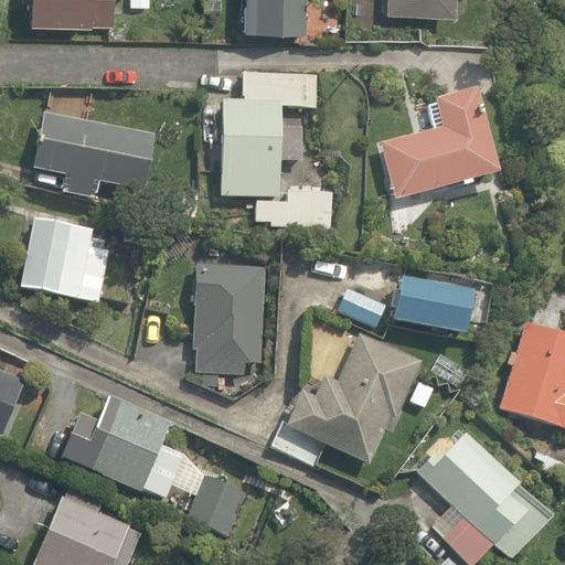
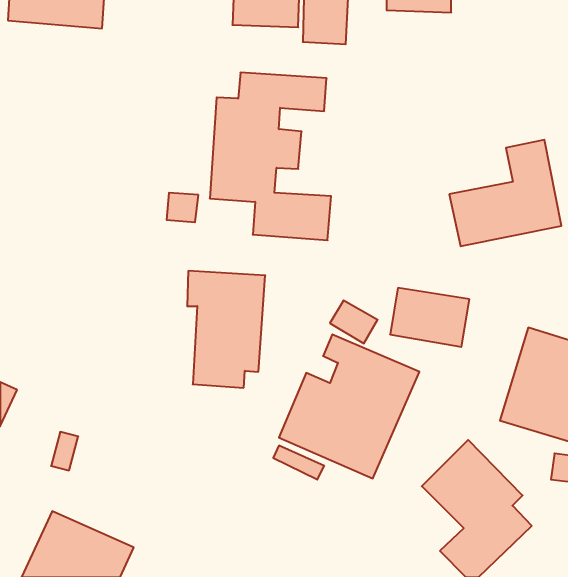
building: [385,86,494,190] -> [449,140,561,246]
building: [31,113,161,202] -> none
building: [19,215,110,302] -> none
building: [87,397,210,497] -> none
building: [190,475,257,537] -> none

